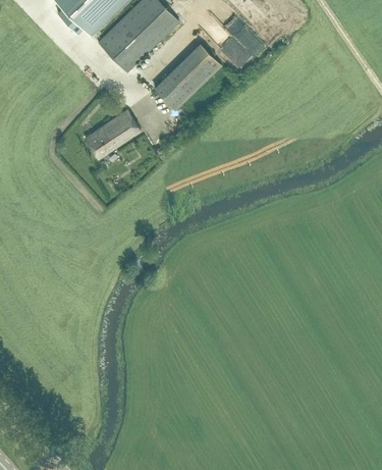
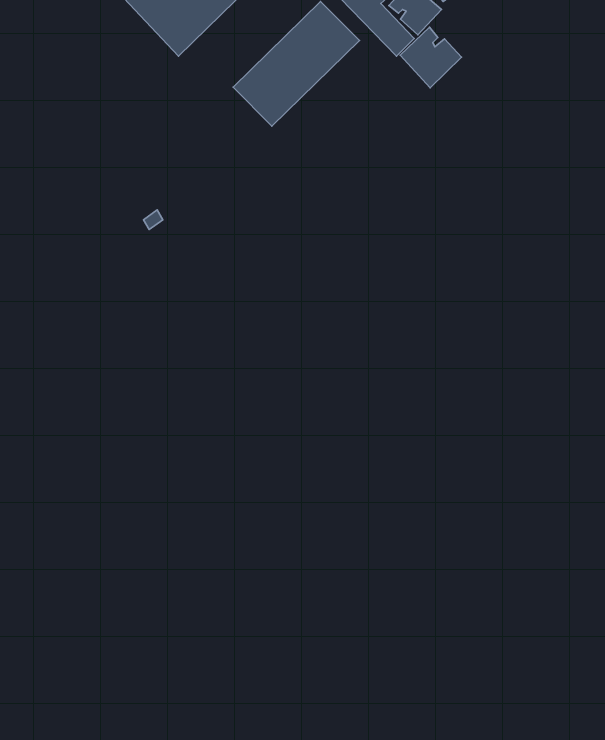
building: none -> [400,27,462,88]
building: [84,109,141,158] -> none

